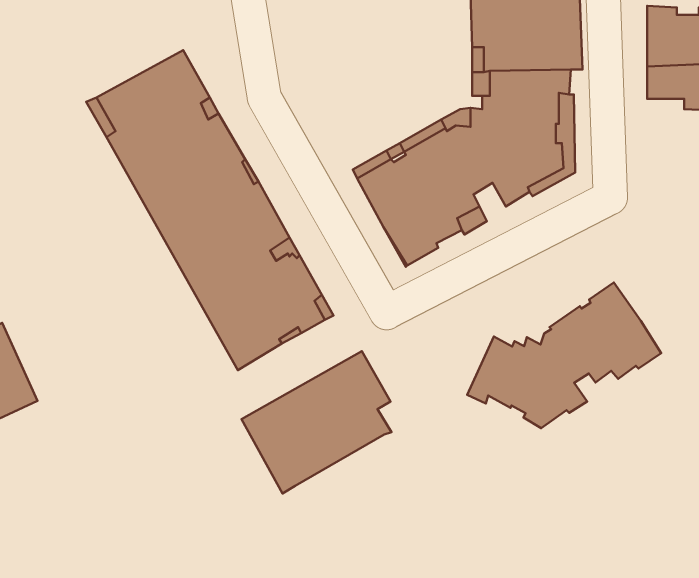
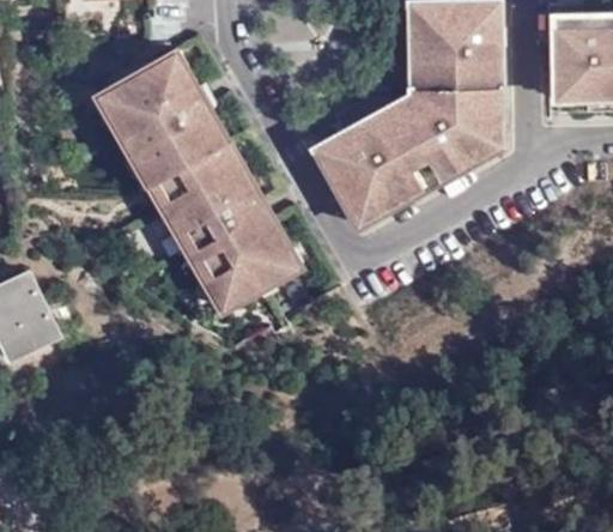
building: [467,282,661,428] -> none
building: [241,351,391,493] -> none

